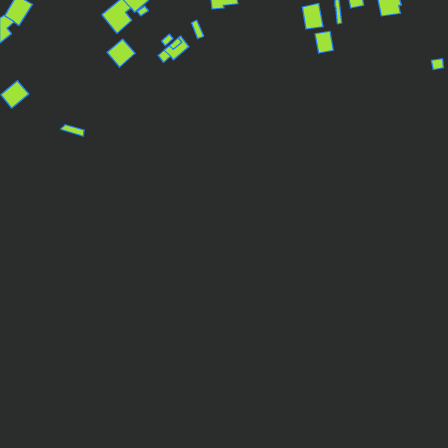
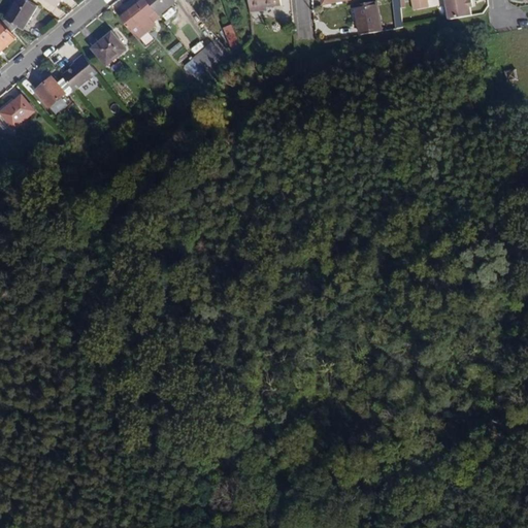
building: [315,31,333,53] -> none
building: [107,39,135,67] -> [92,32,125,65]
building: none -> [61,53,97,90]
building: none -> [35,76,65,106]

